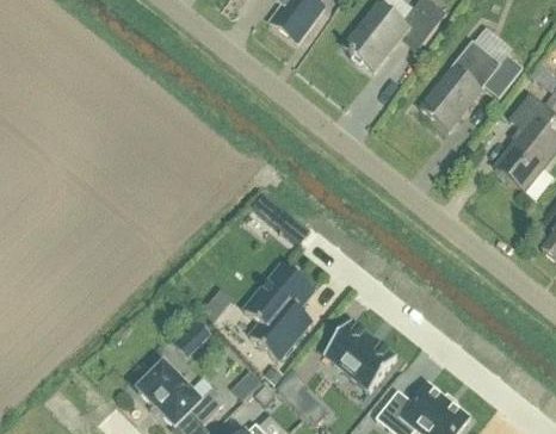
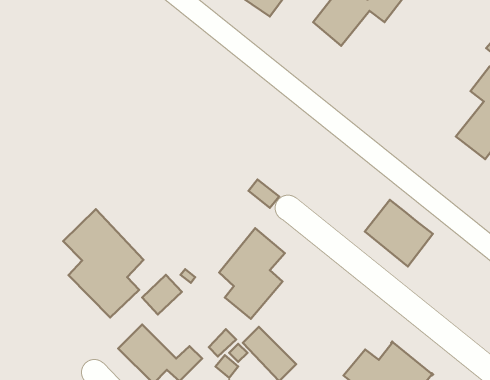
building: [420,39,523,129] -> none
building: none -> [63,209,143,318]
building: [325,320,396,390] -> [365,200,433,267]

